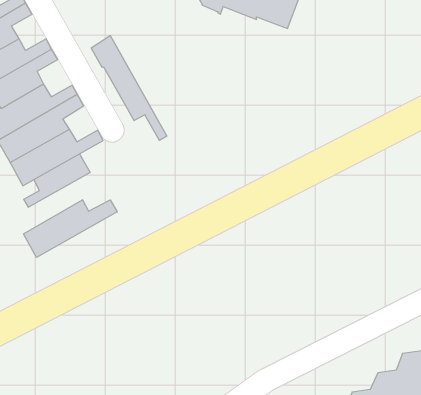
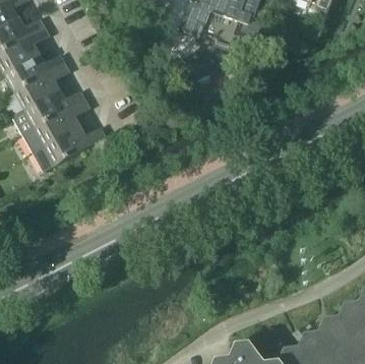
building: [91,36,167,140] -> none
building: [24,154,90,207] -> none
building: [24,200,117,257] -> none

